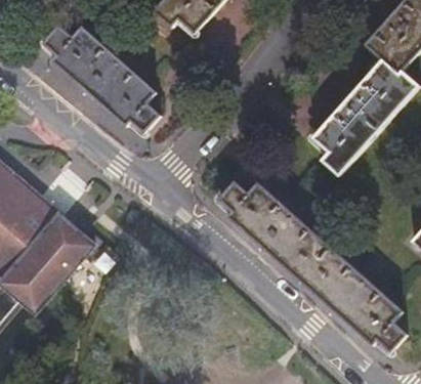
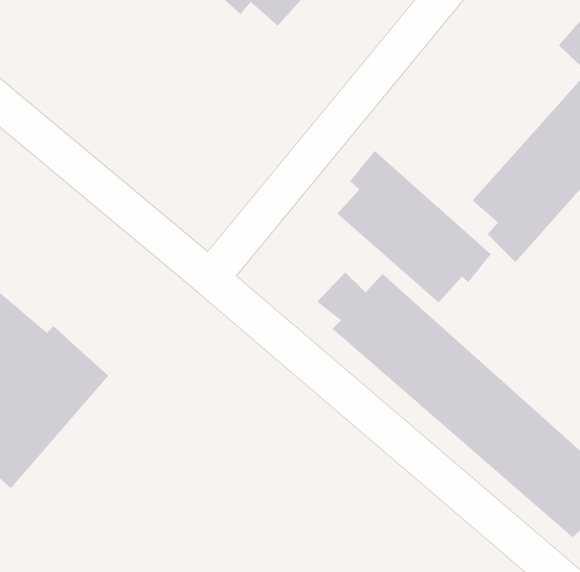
building: [44,26,162,133] -> none
building: none -> [337,150,492,303]

